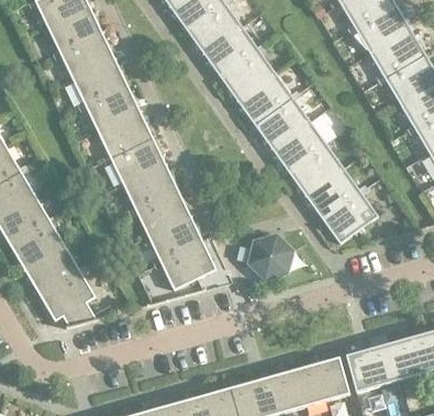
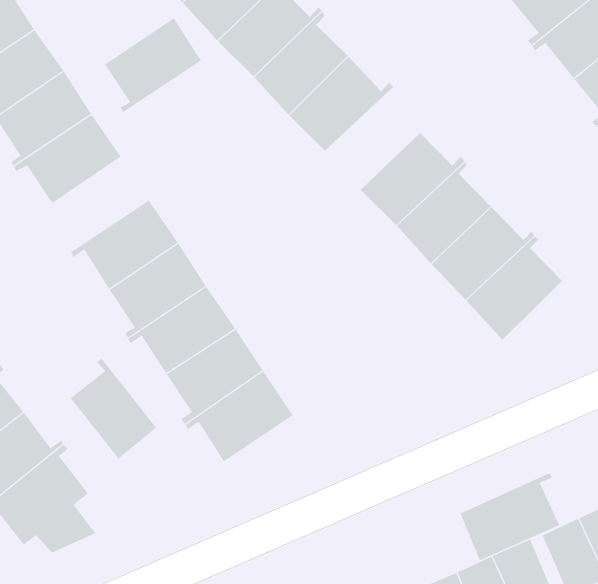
building: [254,92,309,147] -> none
building: [97,110,152,159] -> [104,17,202,113]
building: none -> [70,358,157,459]
building: [248,235,294,281] -> none
building: none -> [460,472,560,561]

